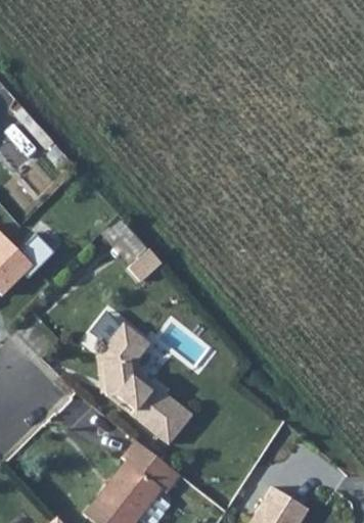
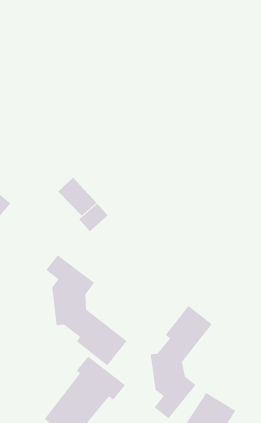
building: none -> [150,305,213,419]

